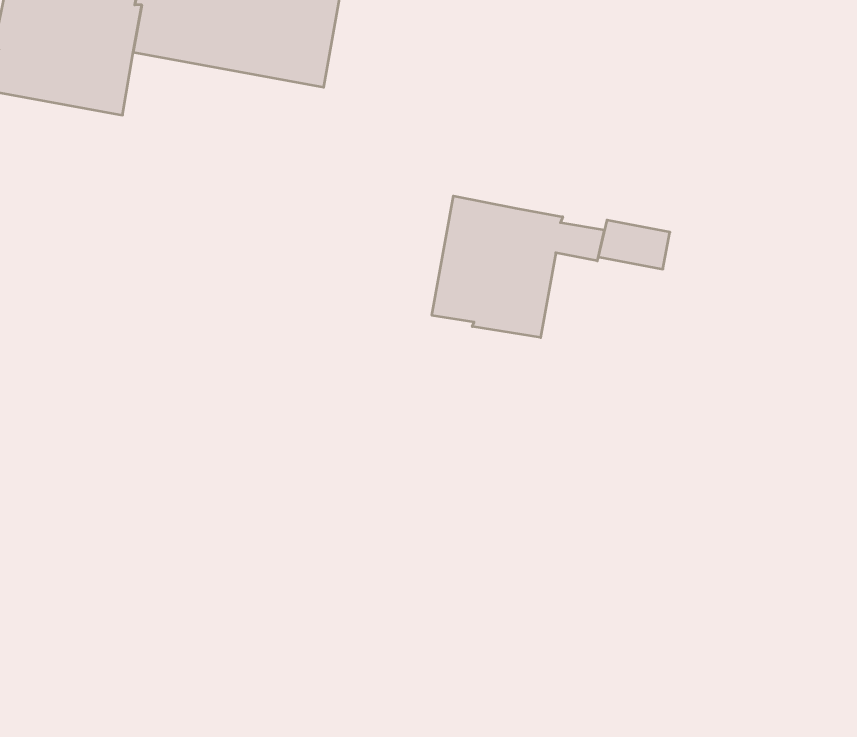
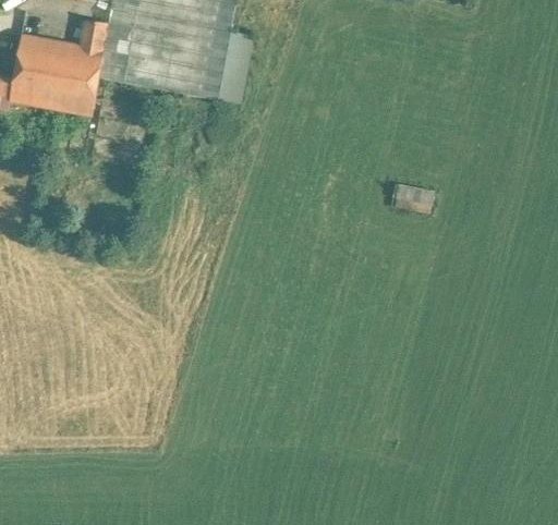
building: [432,196,604,338] -> none

